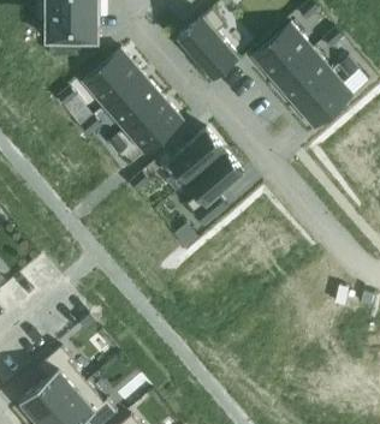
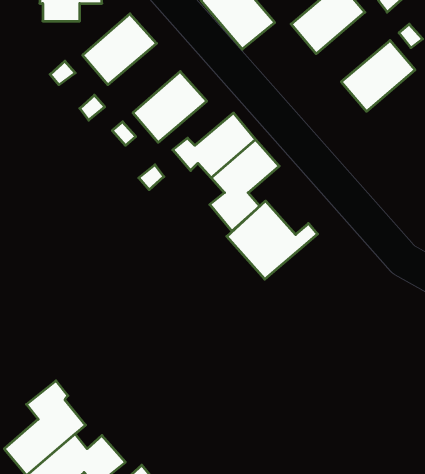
building: [272,48,332,104] -> none
building: [102,73,161,130] -> none
building: none -> [227,201,318,279]

